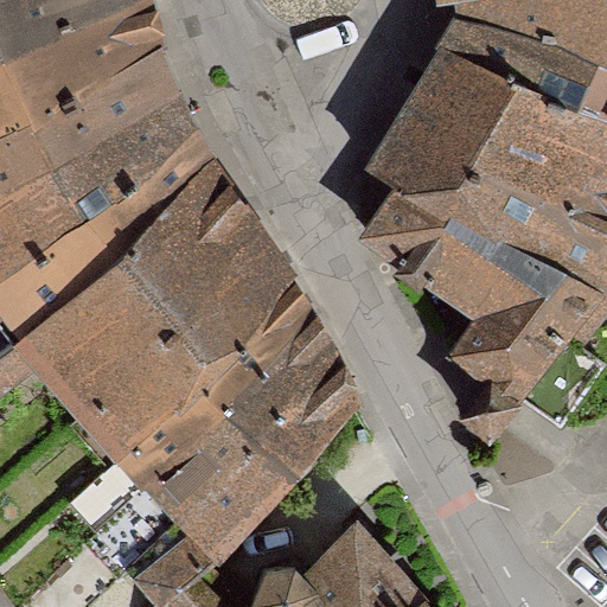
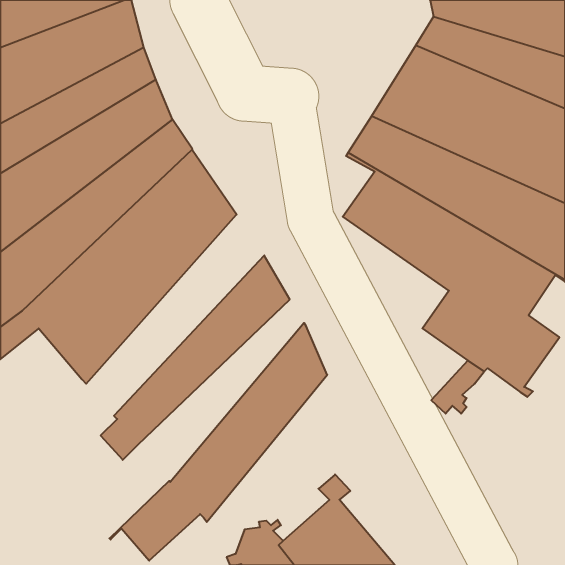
building: [92,230,283,446] -> none
building: [84,321,326,577] -> none

